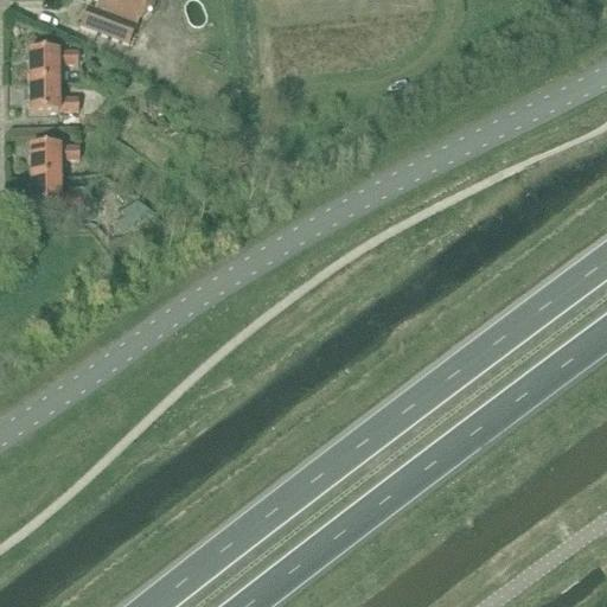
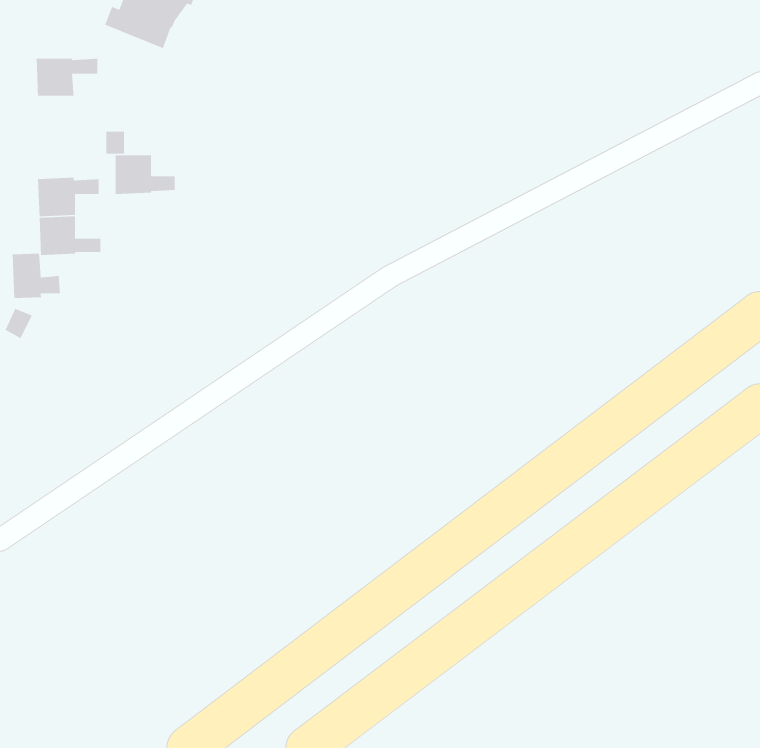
building: [30,77,78,109] -> [115,155,176,195]
building: none -> [12,253,61,299]

